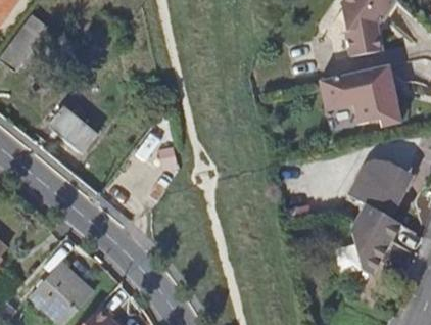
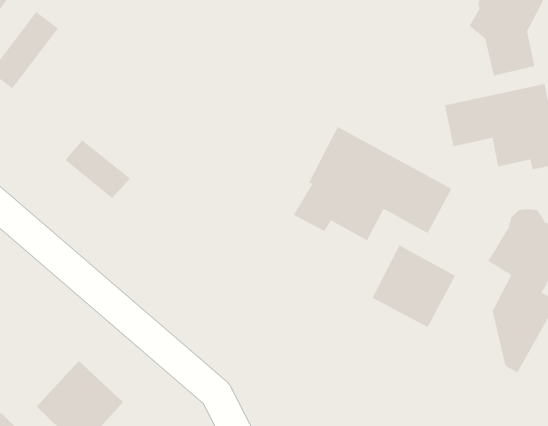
building: none -> [293,126,452,241]
building: none -> [372,244,456,328]

